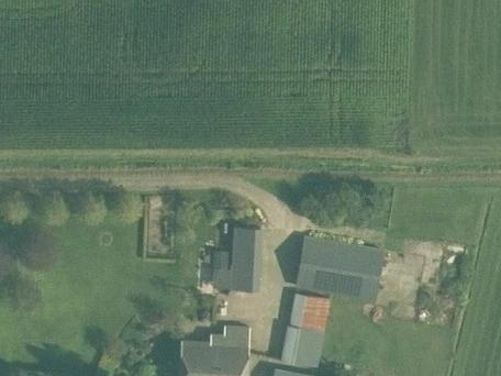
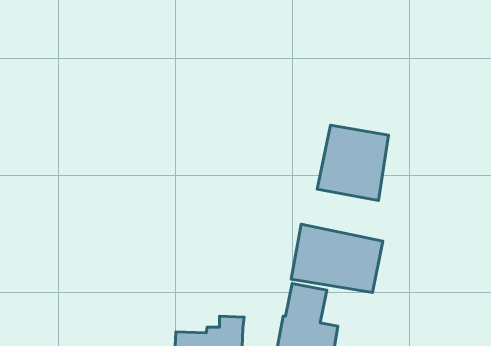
building: none -> [317,125,388,200]
building: [211,224,259,288] -> none

